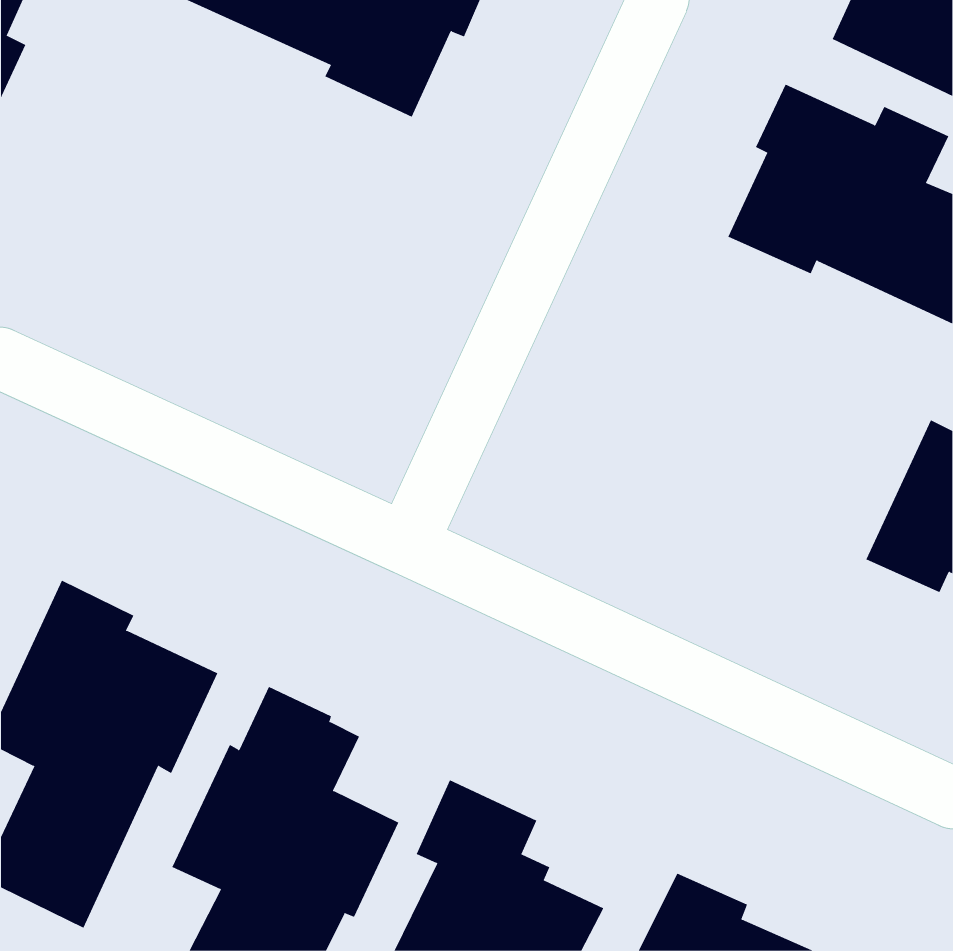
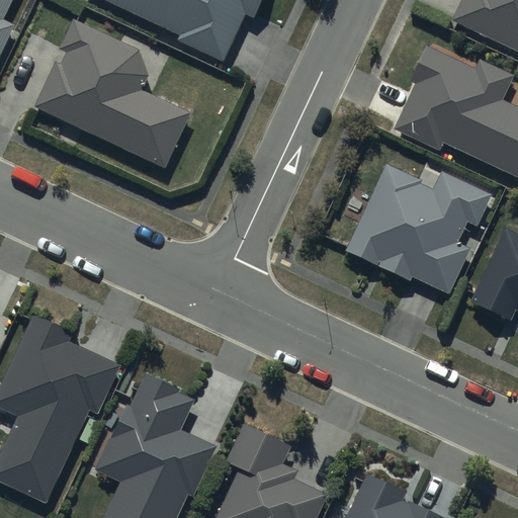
building: none -> [34,18,191,170]
building: none -> [344,164,492,295]

